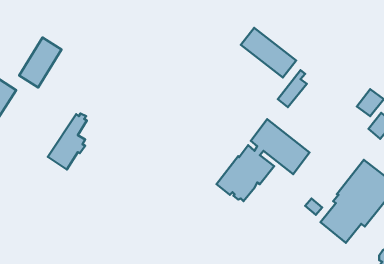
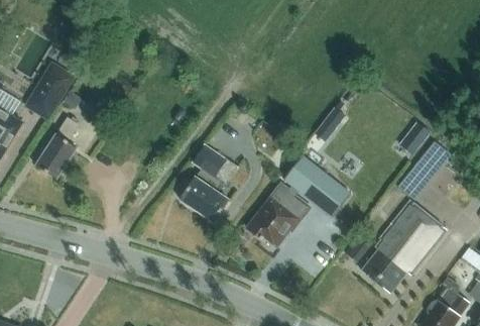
building: [241,28,296,78] -> none
building: none -> [179,143,239,221]
building: [48,113,87,169] -> [36,116,80,179]

